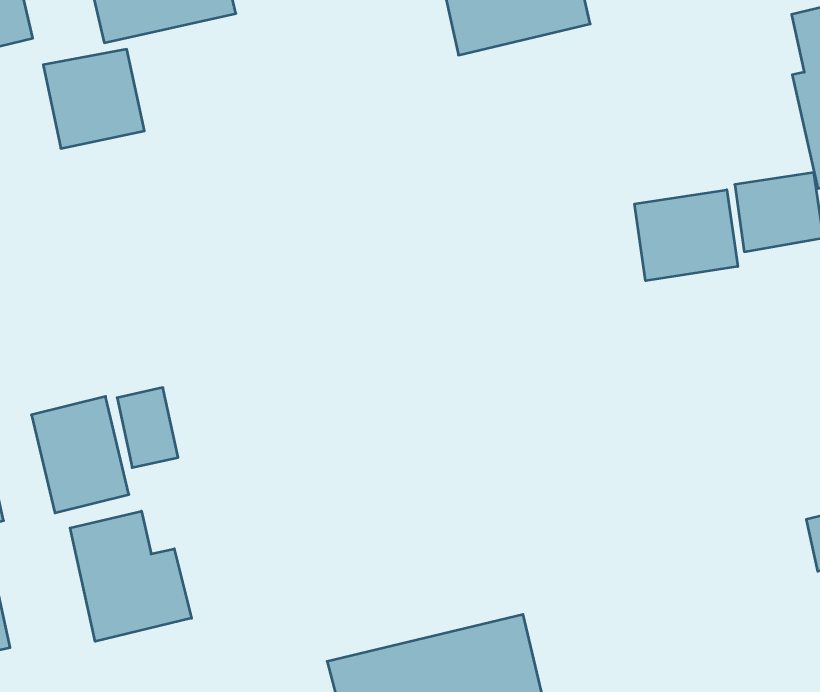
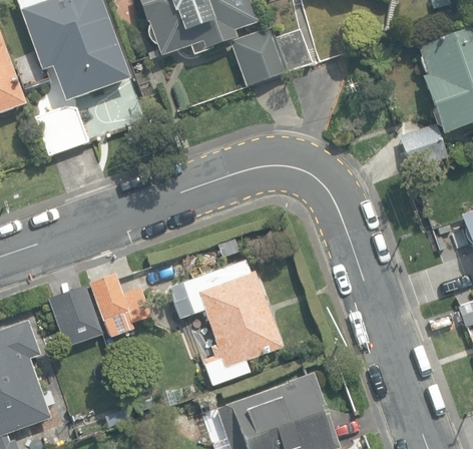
building: [635,190,738,281] -> none
building: none -> [177,259,282,385]
building: [70,511,192,641] -> none

